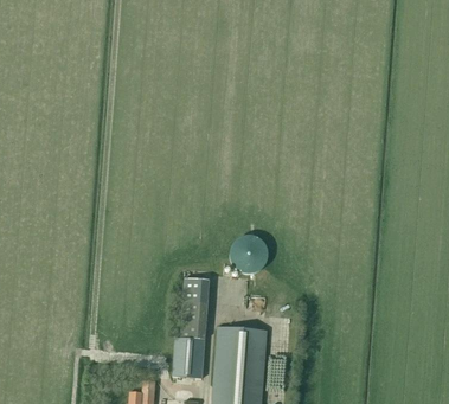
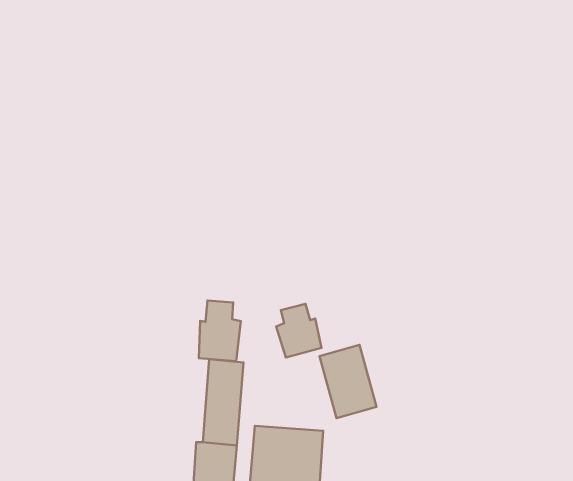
building: none -> [199,301,241,361]
building: none -> [320,345,376,418]

